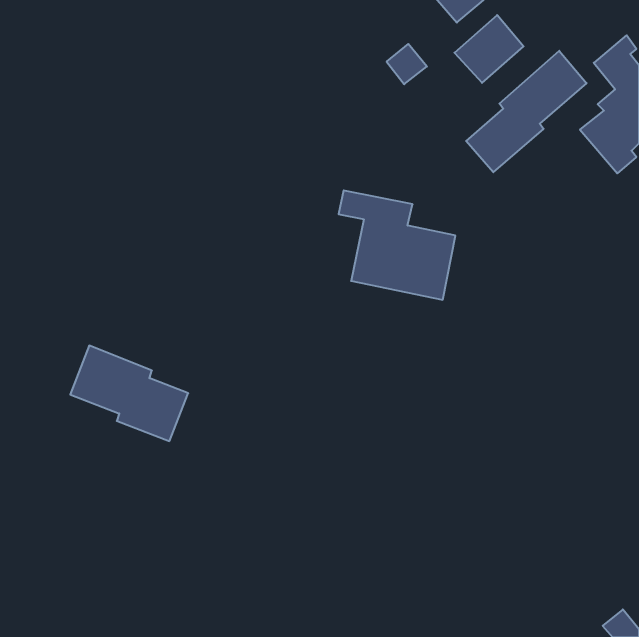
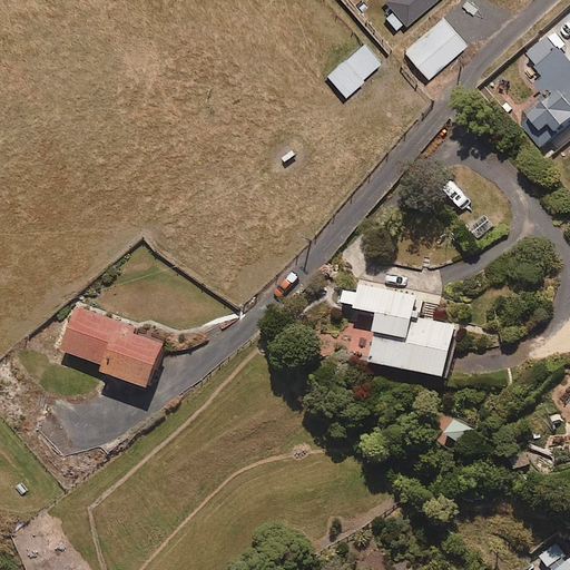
building: [466,51,587,172] -> none
building: [339,190,455,300] -> [353,285,456,382]

